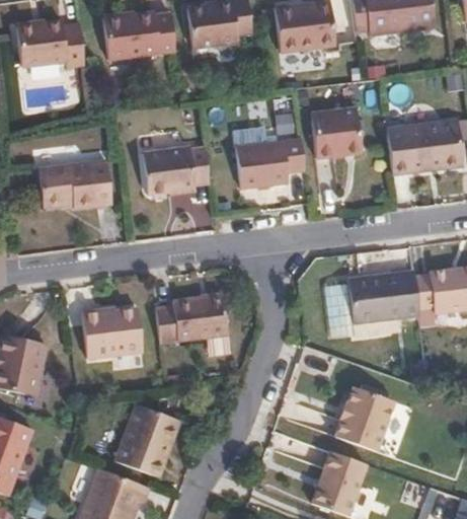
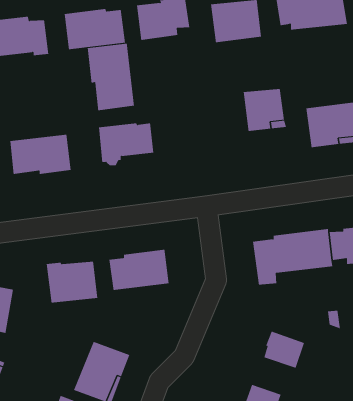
building: none -> [87,43,135,111]
building: [237,139,306,189] -> none
building: [328,423,377,456] -> none

